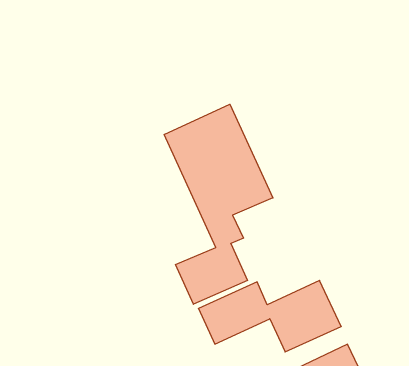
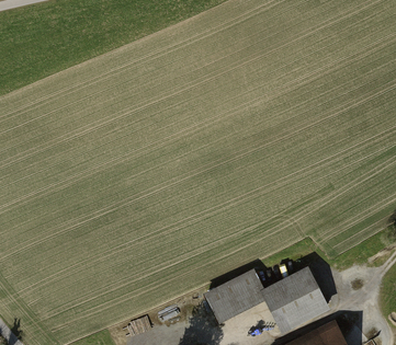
building: [164,104,273,304] -> none

